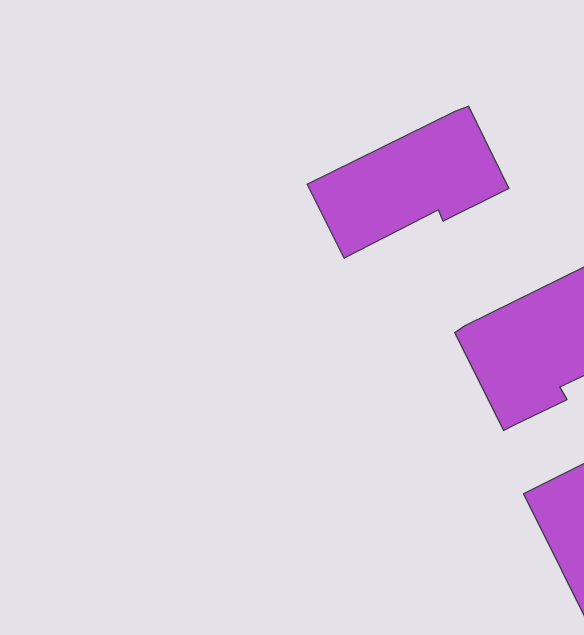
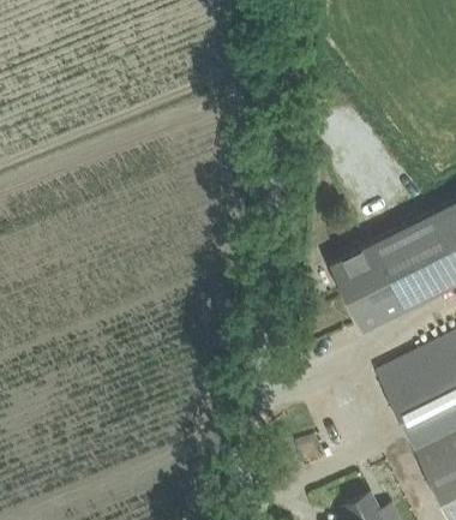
building: [307,106,509,258] -> none

